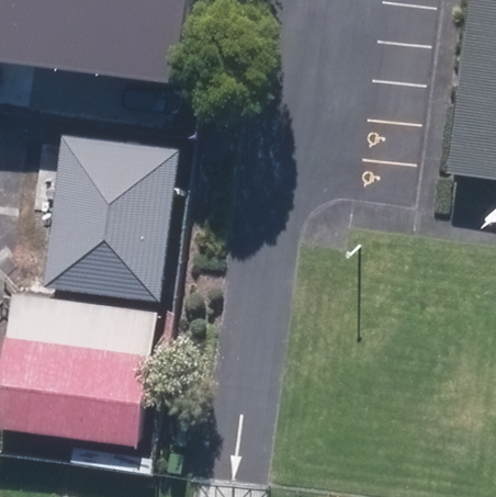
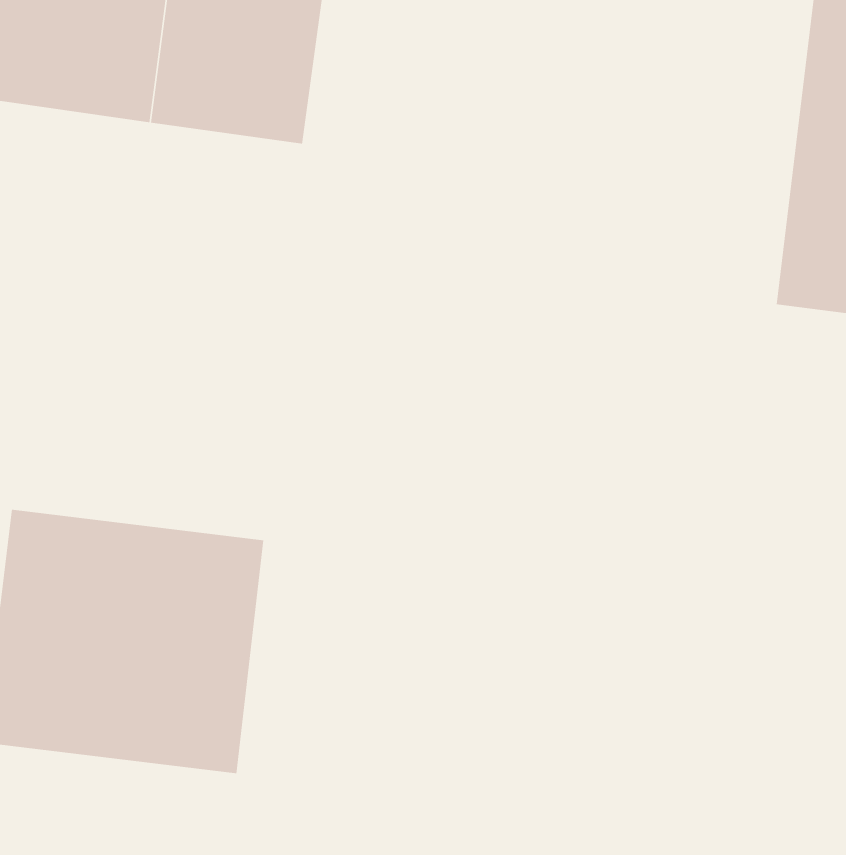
building: [44,136,178,302] -> none

